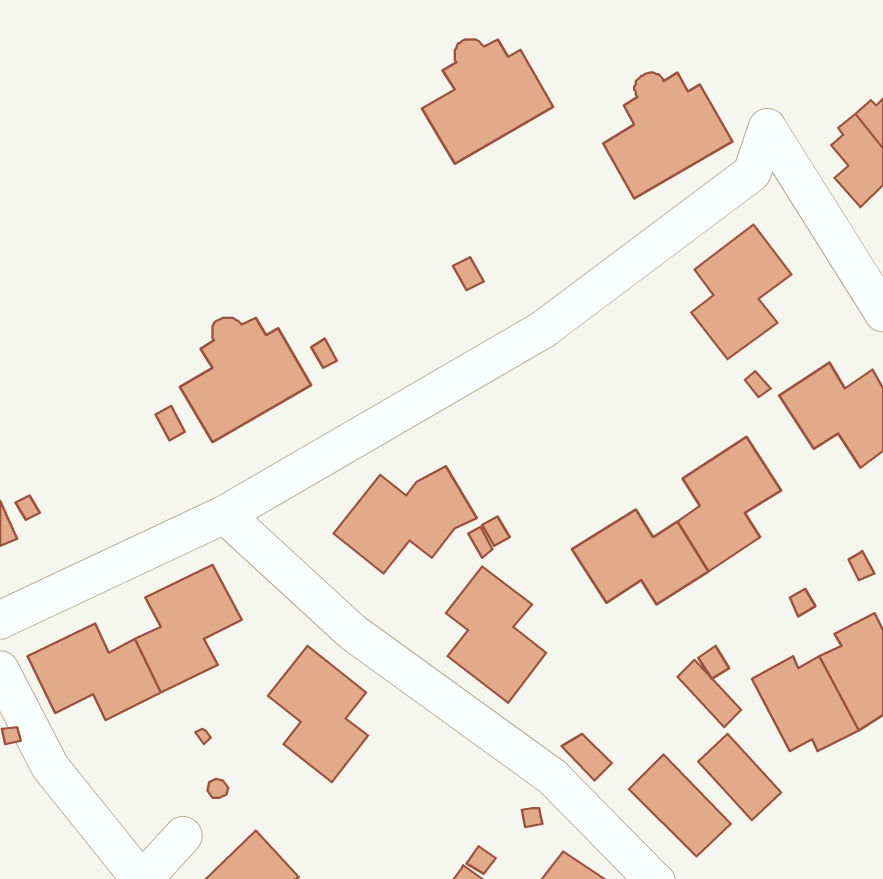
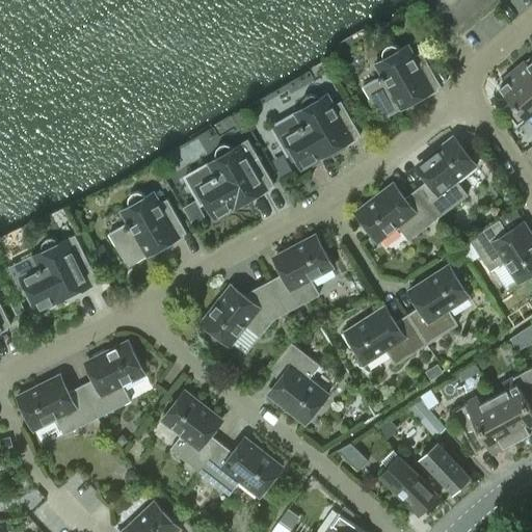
building: [422,40,553,164] -> [282,96,361,170]
building: none -> [196,145,274,220]
building: none -> [354,185,437,243]
building: none -> [268,235,334,314]
building: none -> [9,236,98,313]
building: none -> [200,440,283,498]

